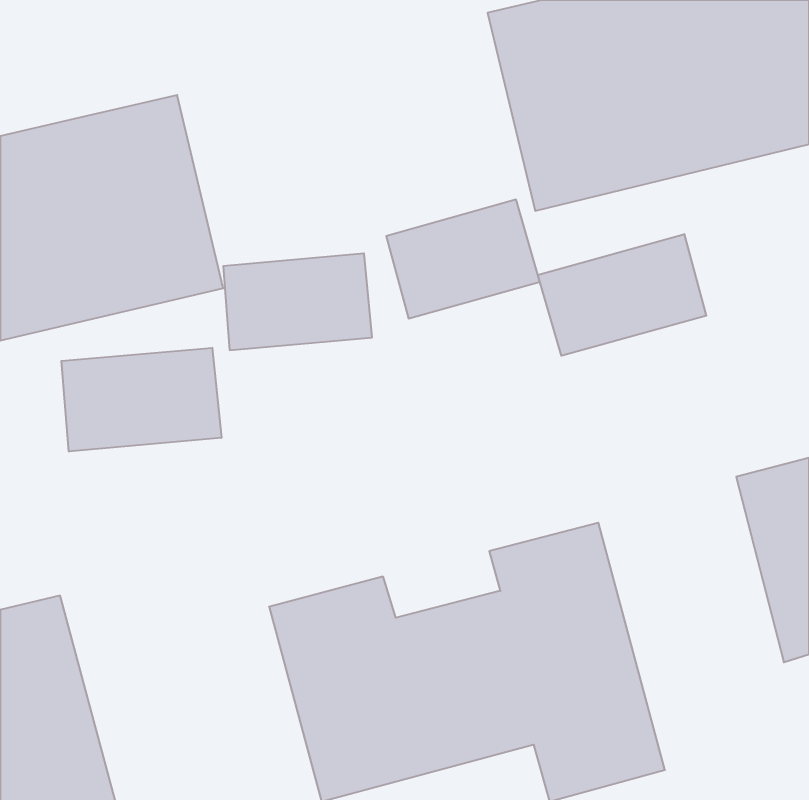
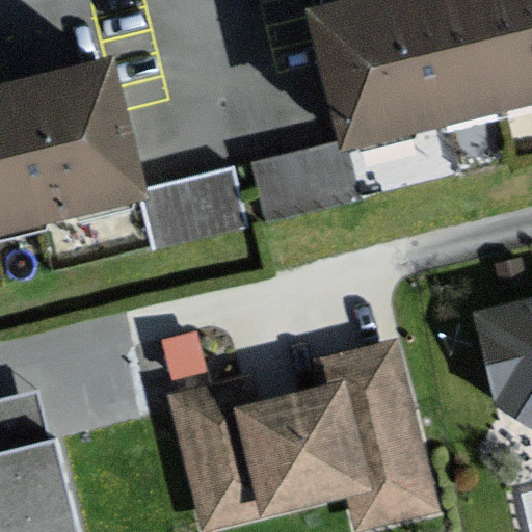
building: [538,234,706,356] -> none
building: [61,348,221,452] -> none

